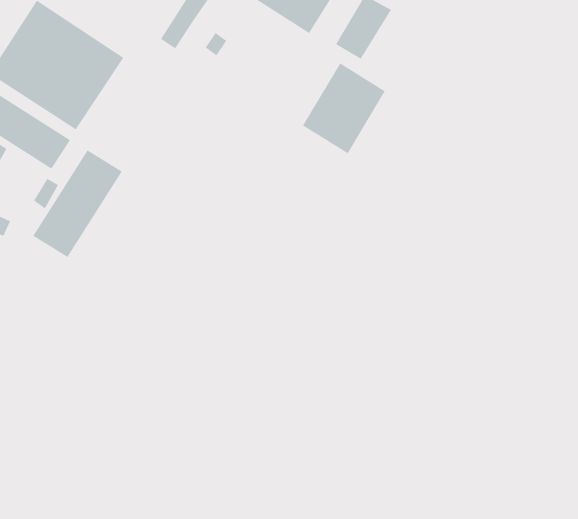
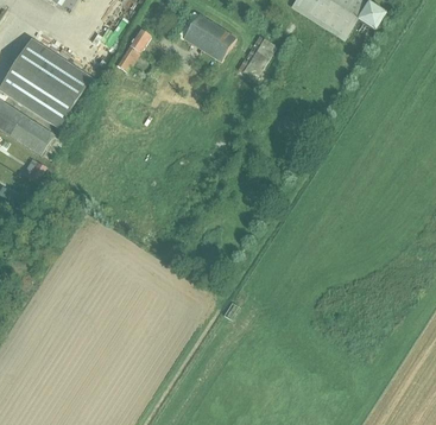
building: [302,62,386,154] -> none
building: [33,149,123,258] -> none

